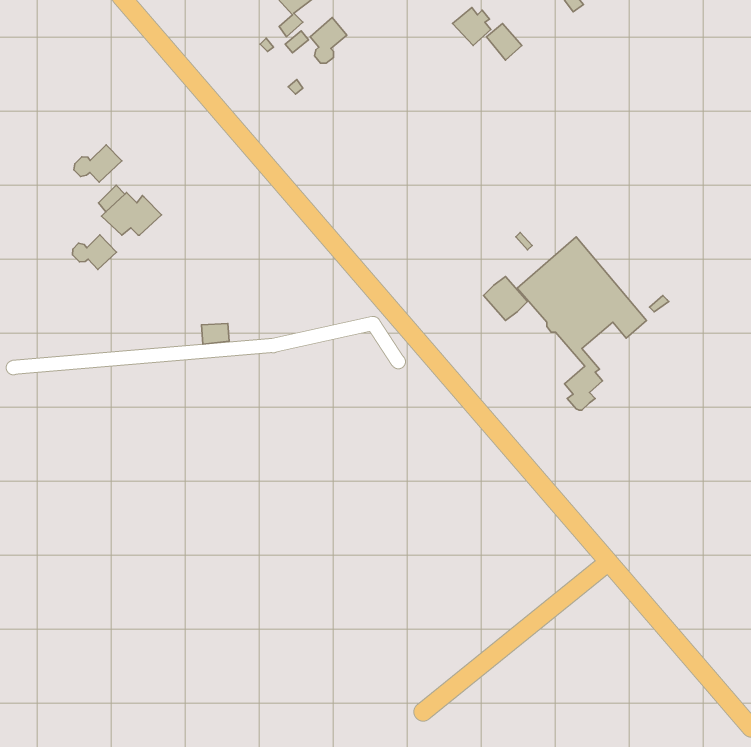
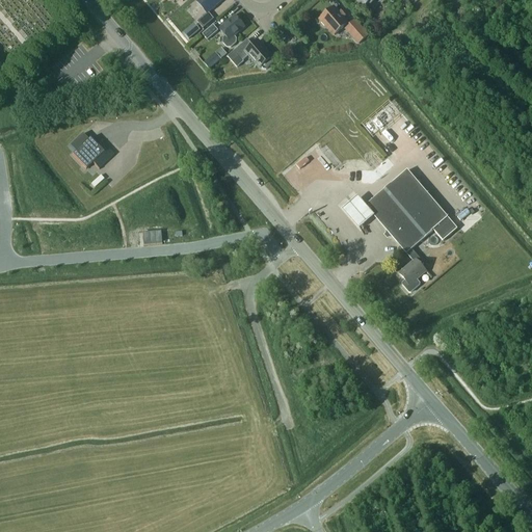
building: none -> [228,36,273,68]
building: [74,145,122,182] -> none
building: [73,235,117,270] -> none

